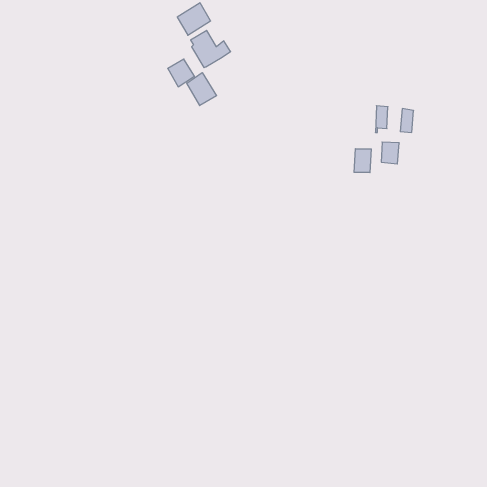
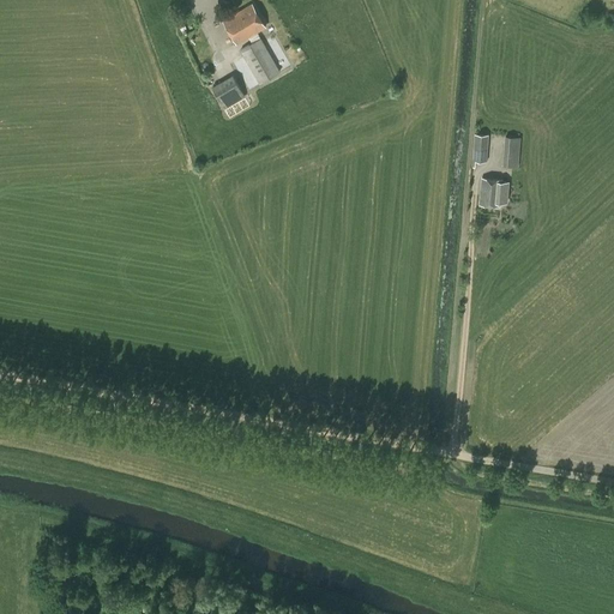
building: [187,73,217,106] -> none
building: [354,149,371,173] -> none

